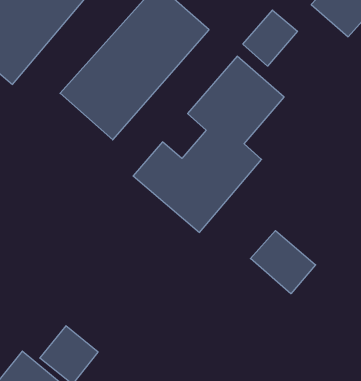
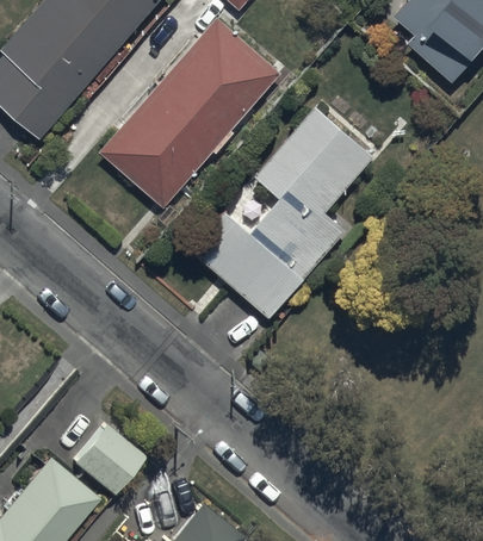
building: [243,10,297,66] -> none
building: [250,231,316,294] -> none

